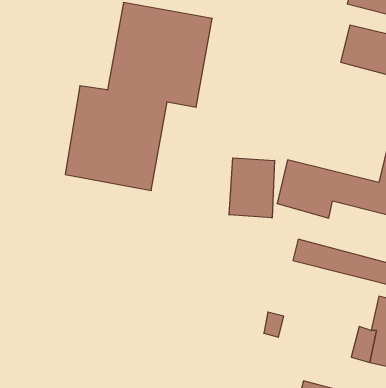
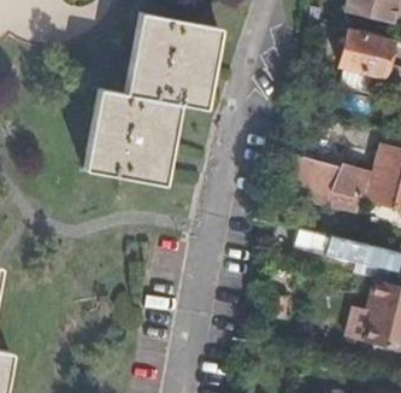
building: [229,158,275,218] -> none

